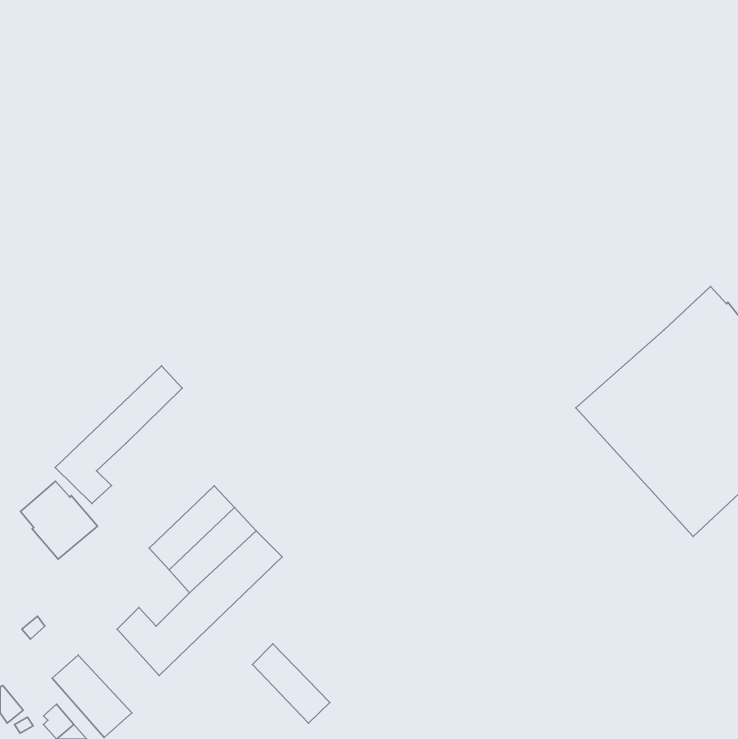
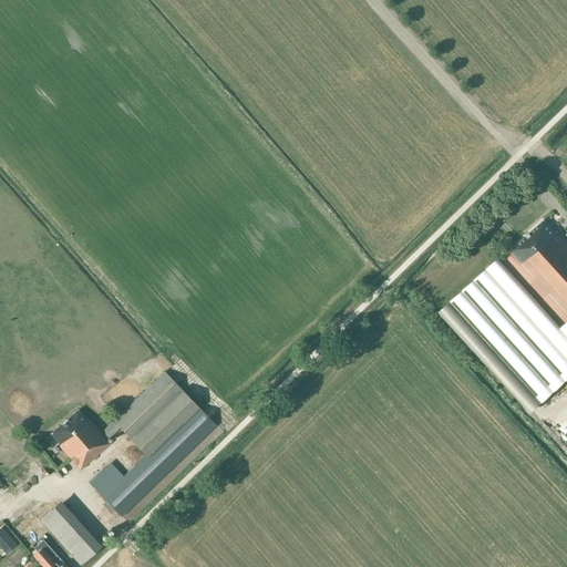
building: [55,366,182,504] -> none
building: [21,481,97,559] -> [52,410,111,470]
building: [253,644,330,723] -> none

